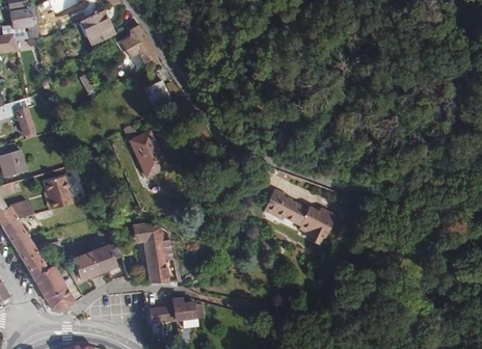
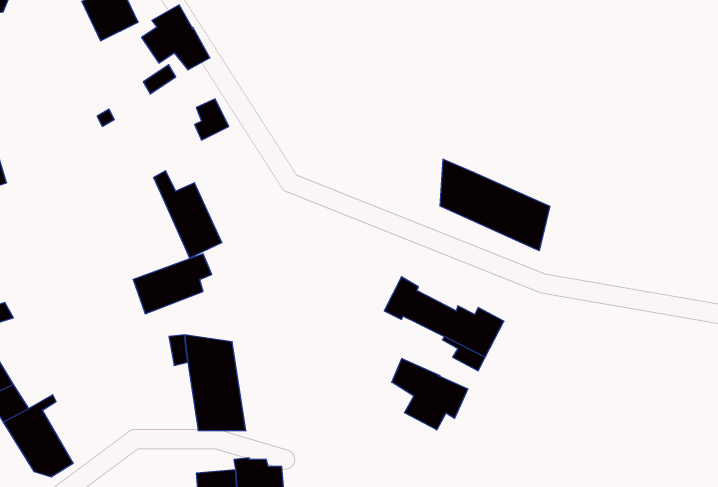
building: none -> [440,159,550,251]
building: [44,174,73,206] -> none
building: none -> [392,358,468,430]
building: [74,243,122,279] -> [133,254,212,314]

